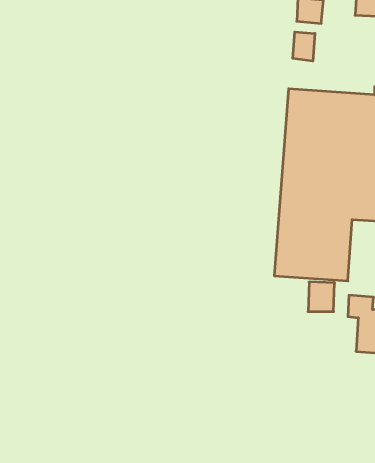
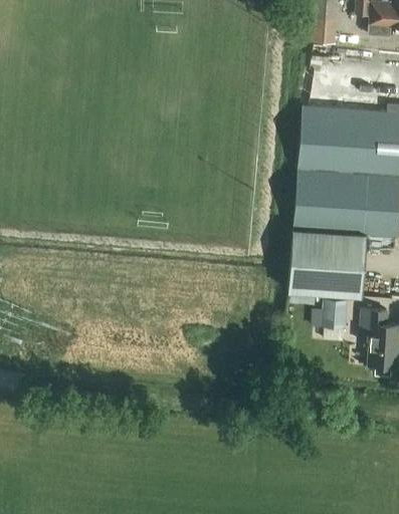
building: [293,32,315,61] -> none

